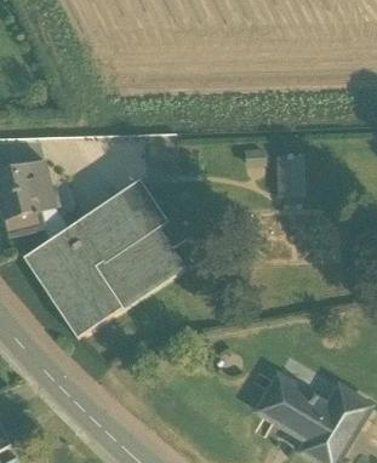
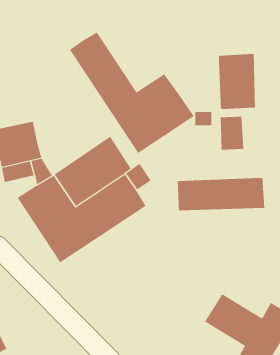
building: none -> [69,31,194,154]
building: none -> [218,53,256,110]
building: none -> [177,177,265,211]

